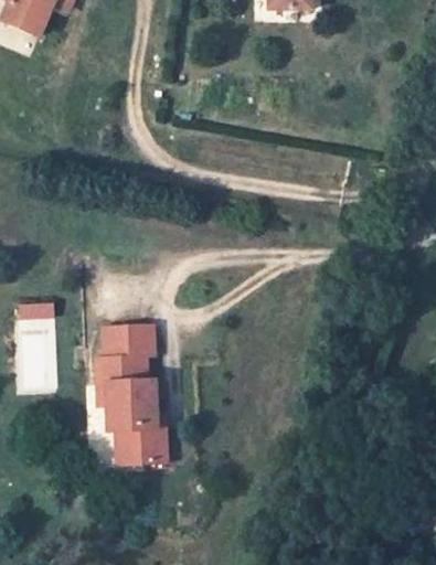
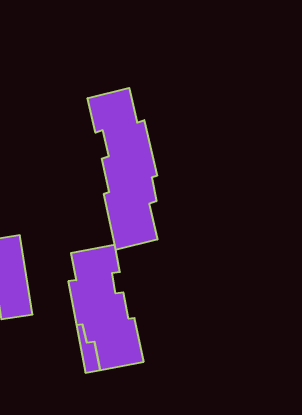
building: none -> [88,88,157,250]

